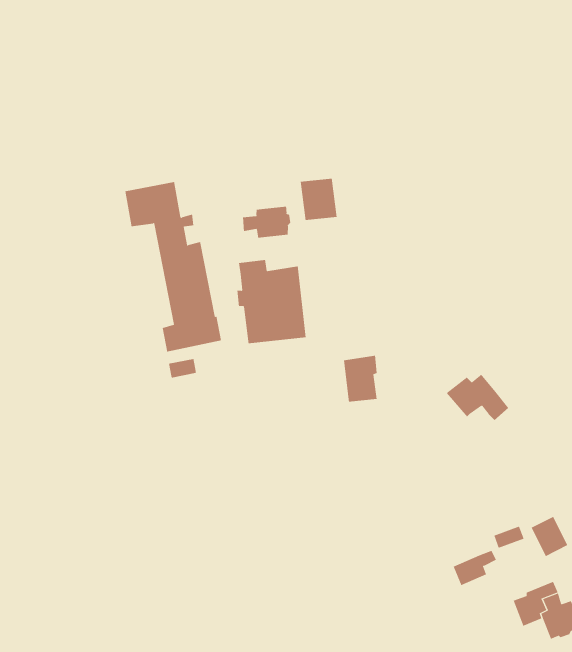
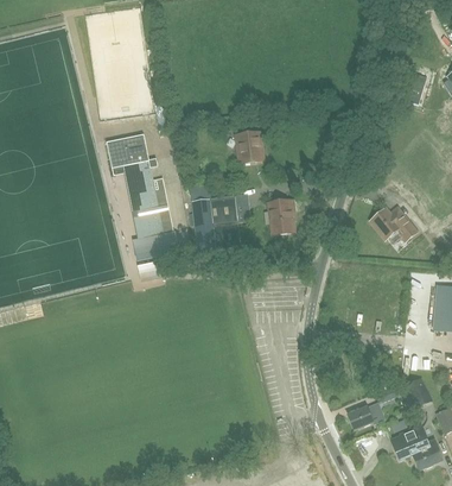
building: [242,206,291,238] -> none
building: [343,355,377,402] -> [268,200,293,234]
building: [446,374,509,421] -> [369,207,415,241]

